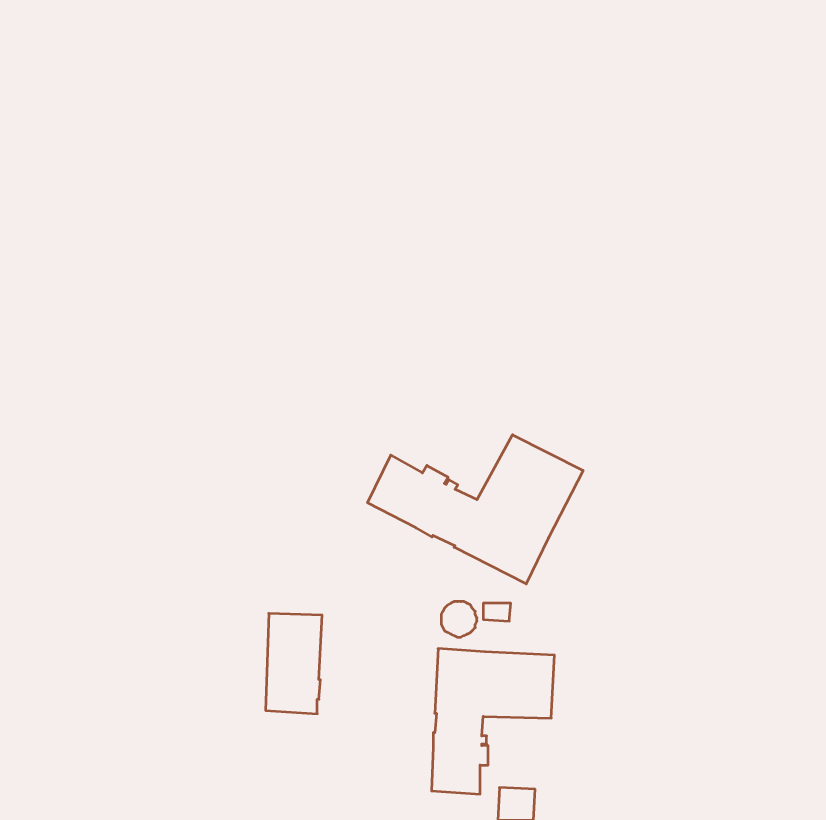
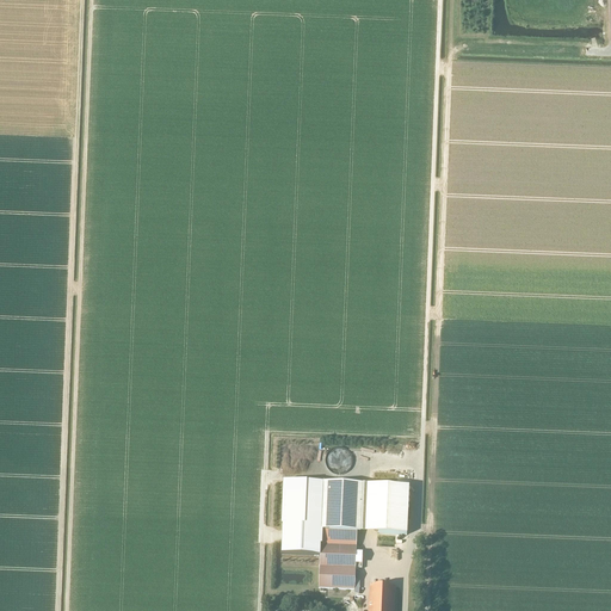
building: [368,435,583,584] -> none
building: [266,613,322,714] -> [282,477,323,551]

